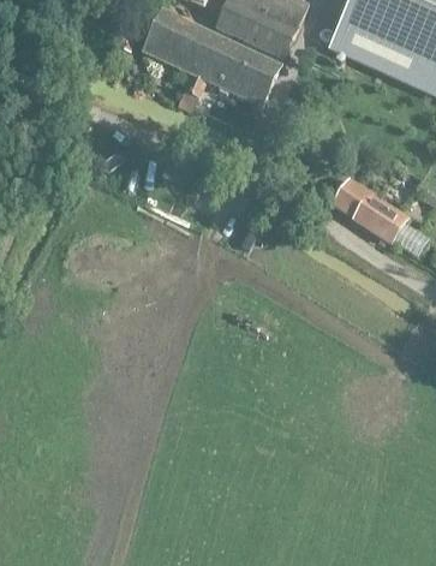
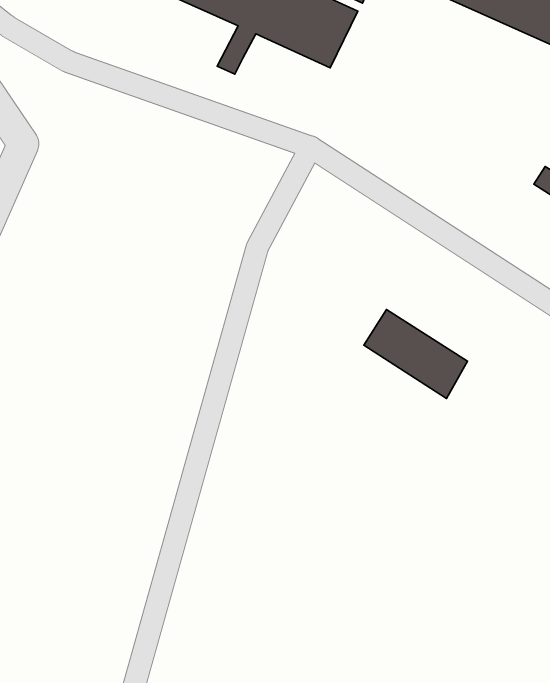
building: [330,178,407,244] -> [364,310,467,398]

